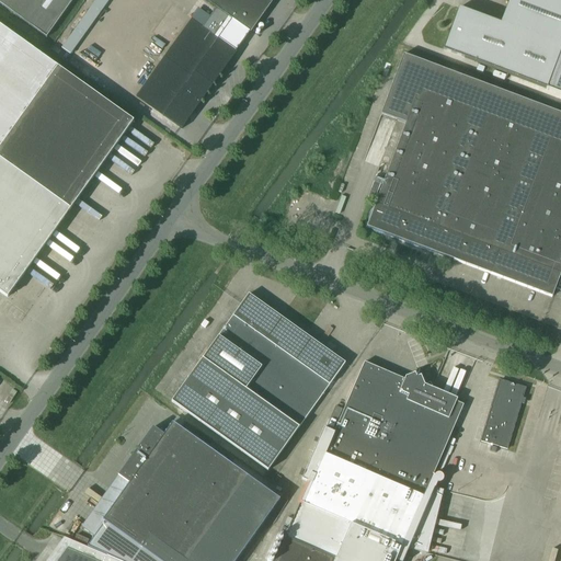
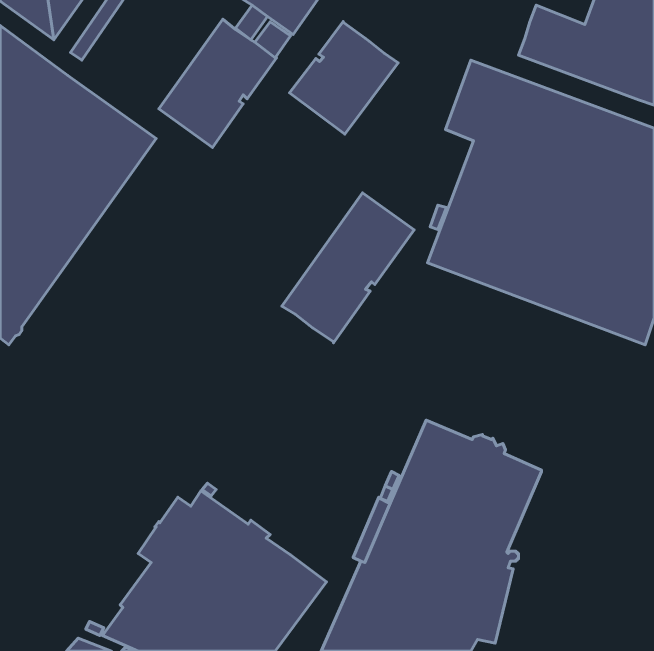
building: none -> [290,21,398,134]
building: none -> [282,193,414,343]
building: [172,291,345,468] -> none
building: [481,377,526,446] -> none

